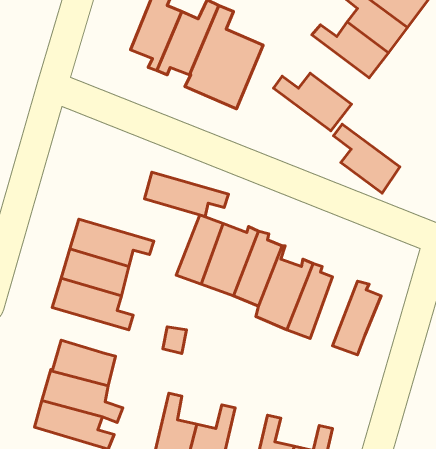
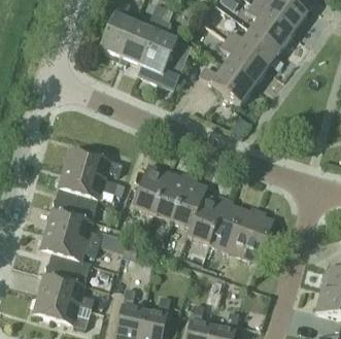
building: [333,124,400,193] -> [220,37,267,86]
building: [145,172,229,216] -> [64,147,123,178]
building: none -> [226,206,259,255]
building: none -> [40,228,99,260]

